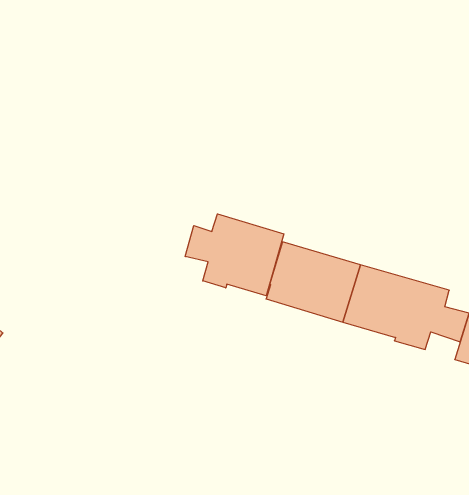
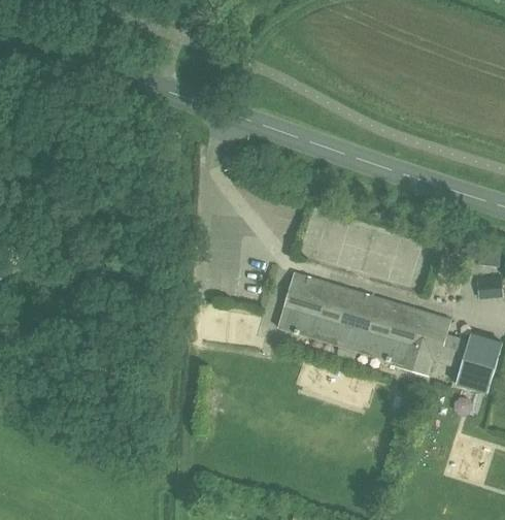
building: [185,214,284,296] -> none

